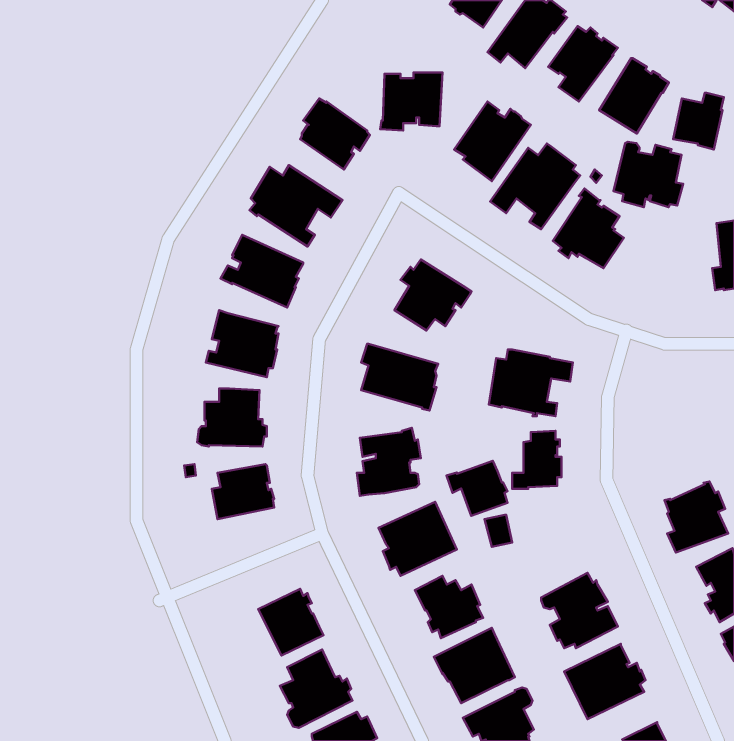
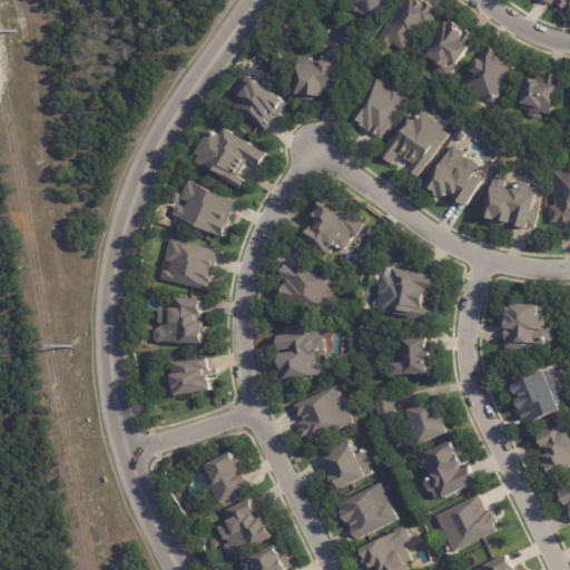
building: [613,142,683,207] -> [481,179,534,229]
building: none -> [499,303,548,350]
building: [447,461,507,516] -> [400,401,446,443]

